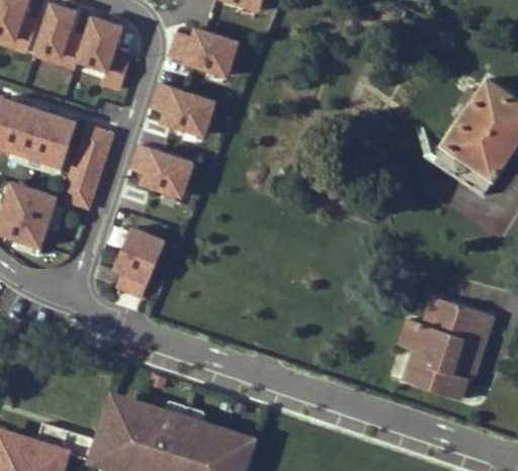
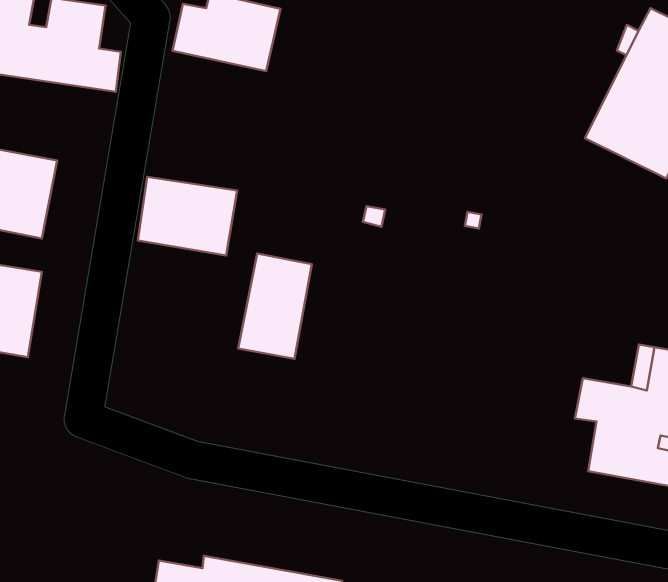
building: [143,80,219,143] -> none
building: [60,123,111,211] -> none
building: [108,226,165,300] -> [238,253,312,359]

